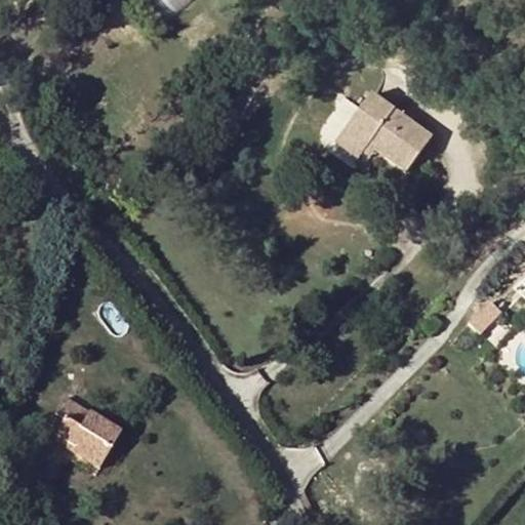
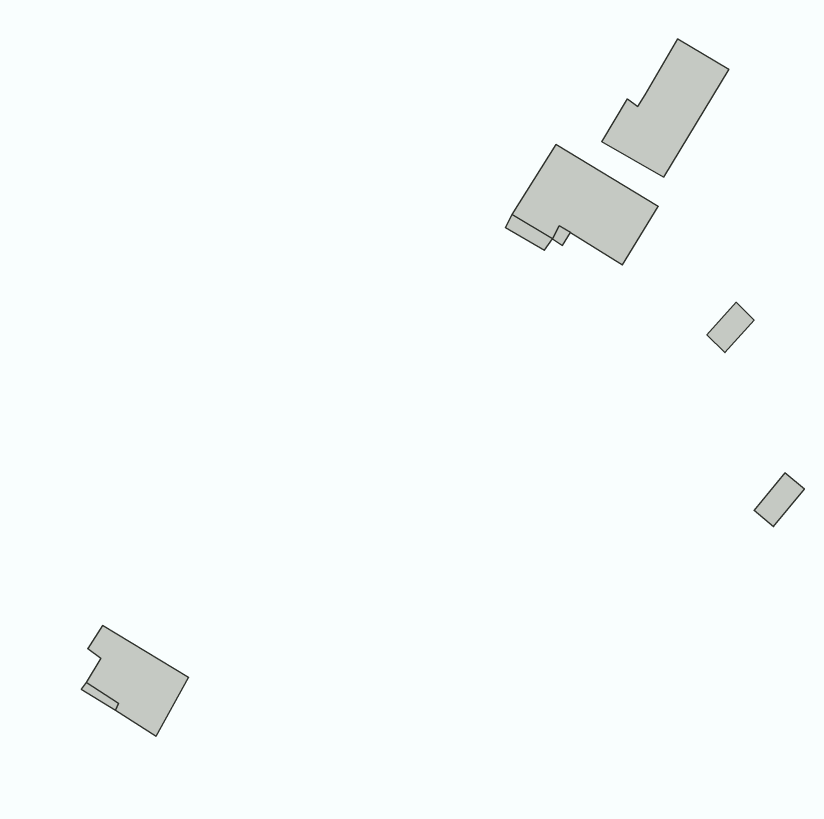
building: none -> [602,39,729,177]

